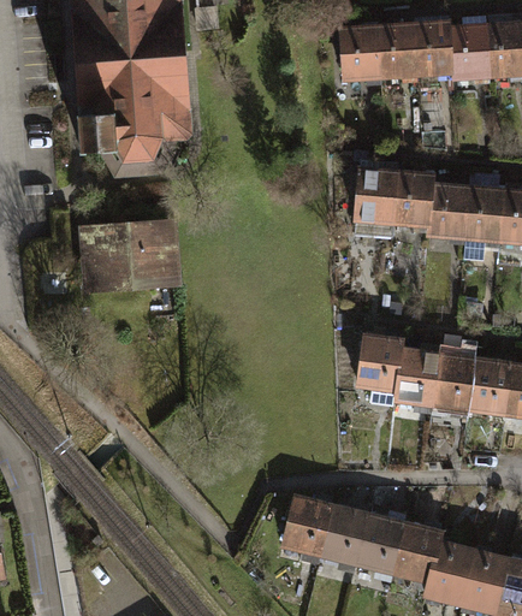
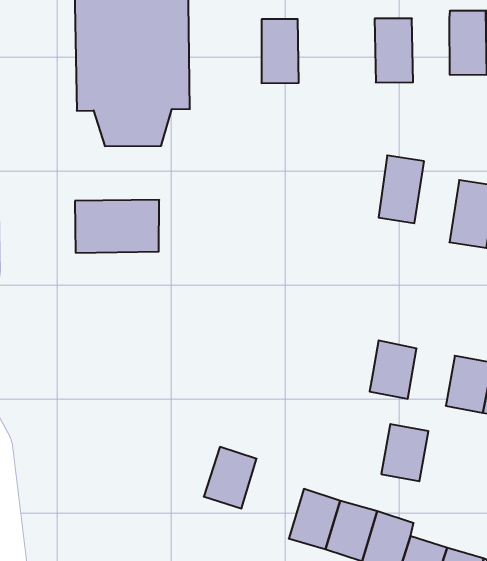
building: [414,24,455,90] -> none
building: [340,29,381,95] -> [261,19,299,83]
building: [355,161,397,227] -> none
building: [427,182,470,248] -> none
building: [360,332,402,391] -> none
building: [432,356,476,411] -> [381,424,428,481]
building: [283,493,333,553] -> [204,447,257,508]

